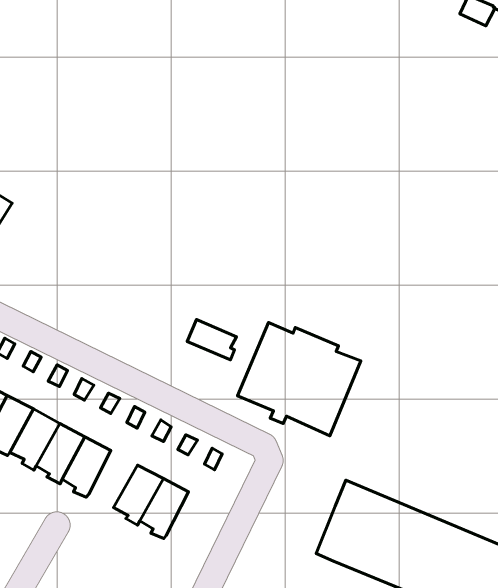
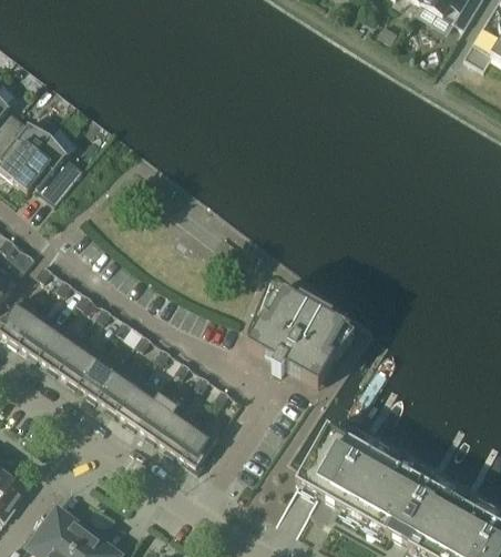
building: [187,320,237,360] -> none
building: none -> [117,378,160,428]
building: none -> [176,419,219,472]

